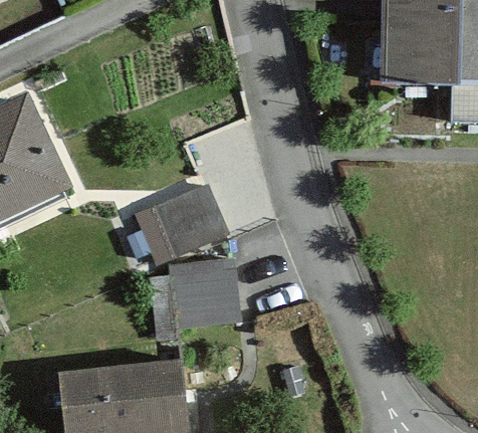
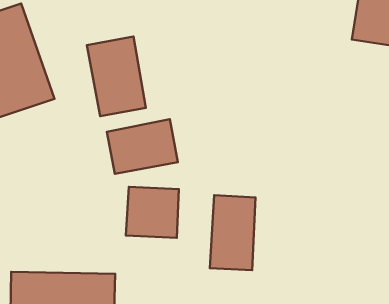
building: none -> [87,36,146,116]
building: none -> [210,195,255,270]

